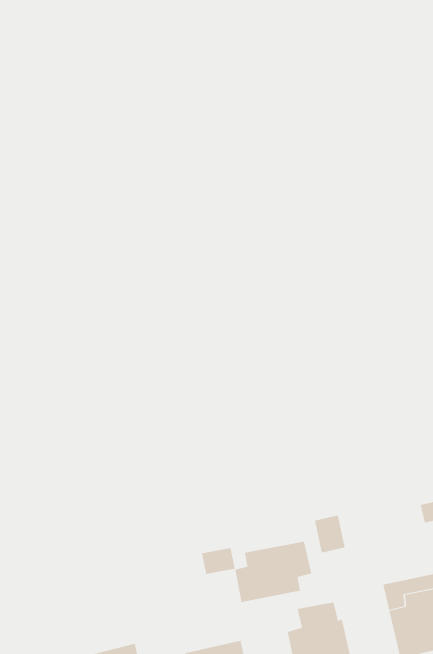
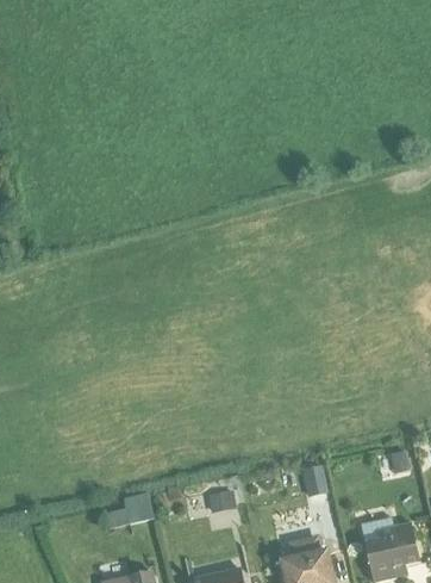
building: [235,541,312,603] -> none
building: none -> [105,492,154,529]

